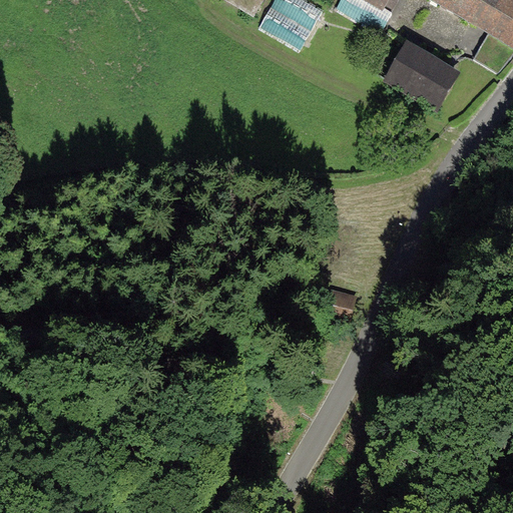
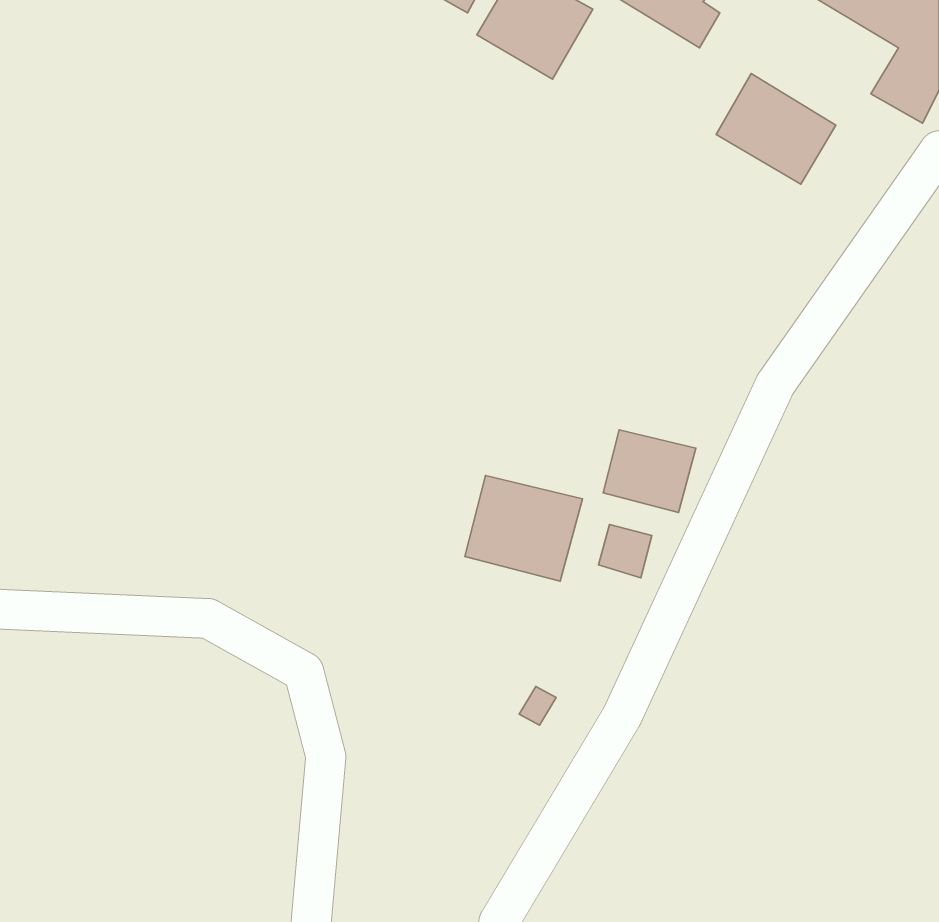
building: none -> [603,430,696,512]
building: none -> [465,476,582,581]

